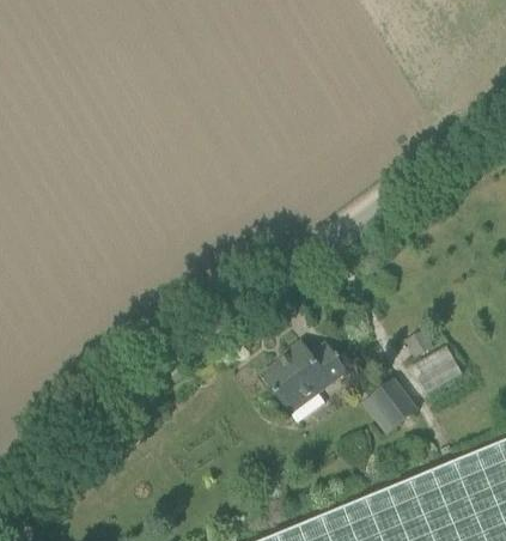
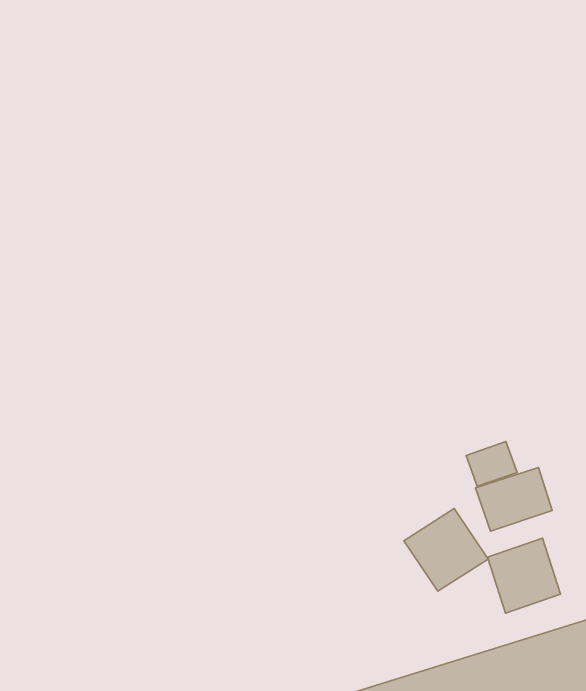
building: [263,345,346,415] -> none
building: none -> [487,538,561,613]

